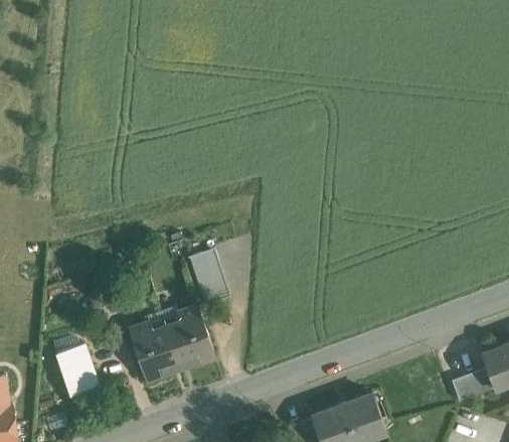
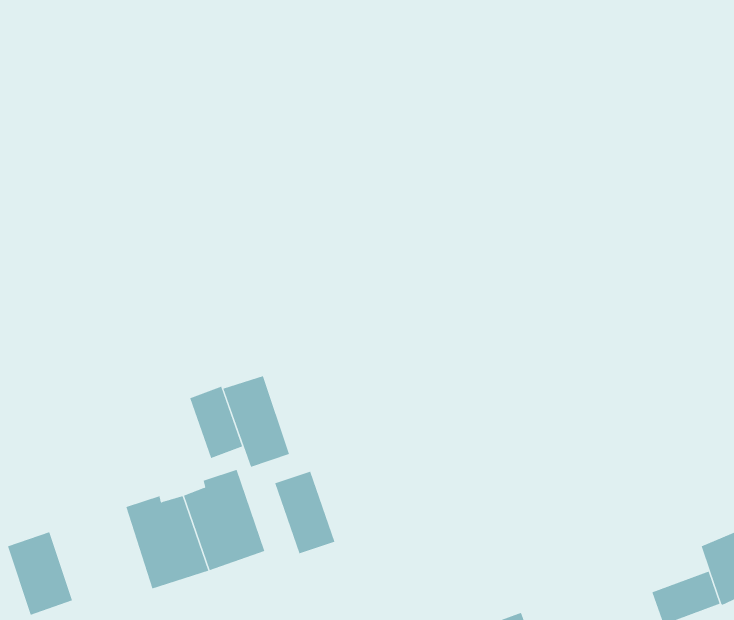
building: none -> [190,386,243,459]
building: none -> [274,471,335,554]

